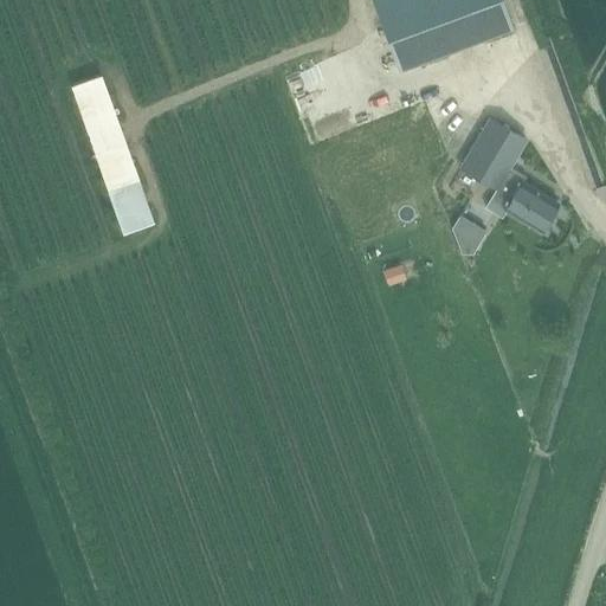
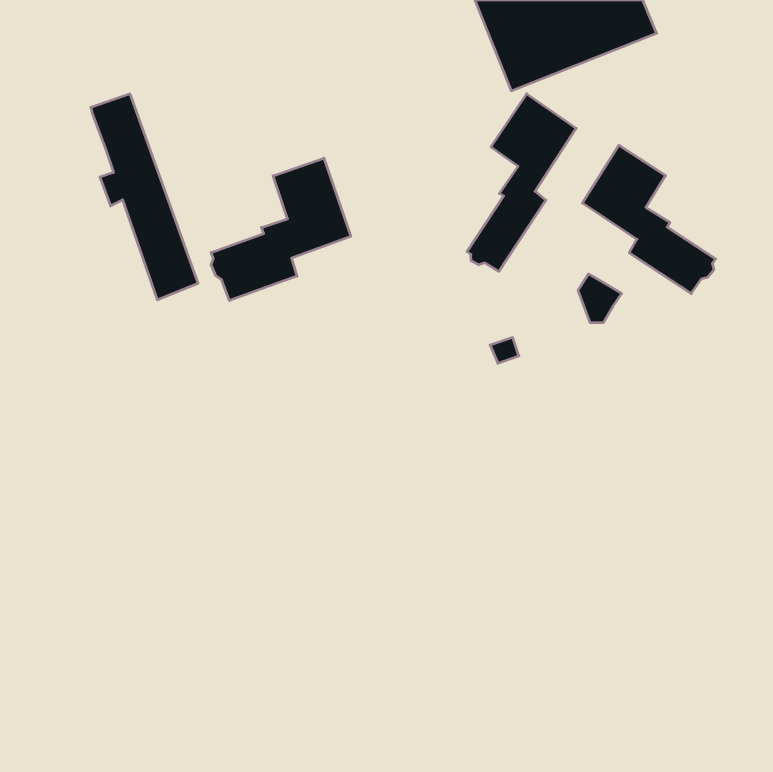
building: none -> [467,94,576,271]
building: none -> [211,158,351,301]

